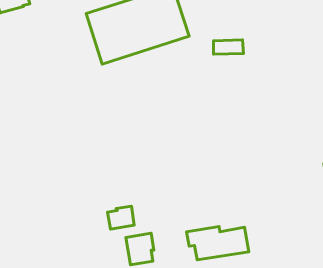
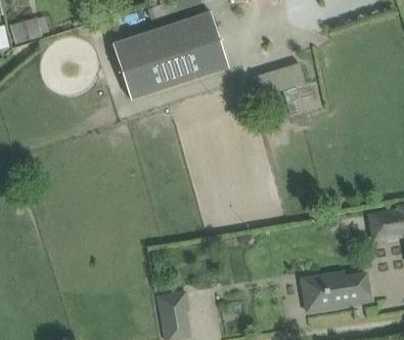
building: [107,206,134,229] -> none
building: [186,226,249,260] -> [301,272,371,310]

